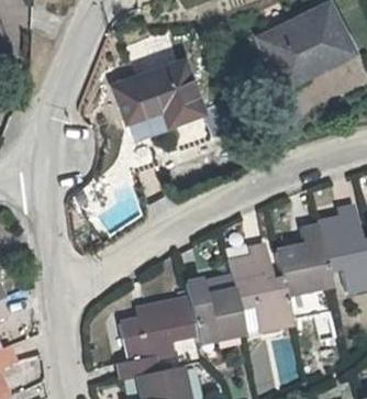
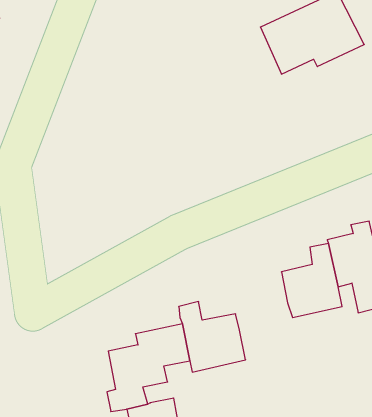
building: [110,66,196,126] -> none
building: [229,247,292,332] -> none

